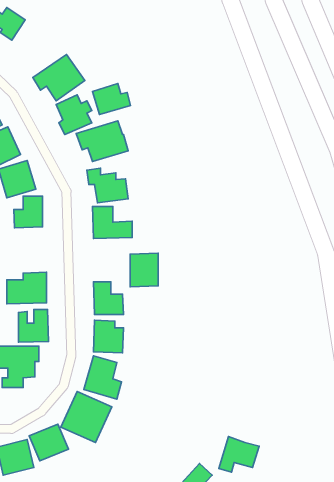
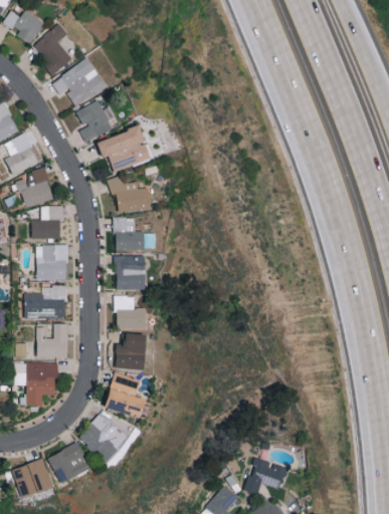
building: none -> [34,23,72,75]
building: [92,83,130,114] -> none
building: none -> [37,245,68,280]
building: [130,253,158,287] -> [116,255,145,290]

